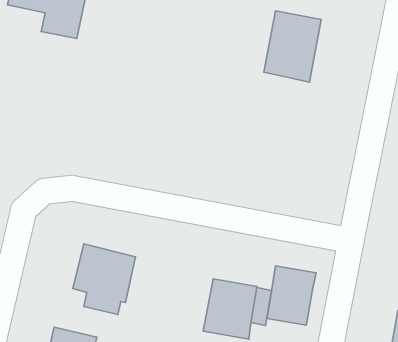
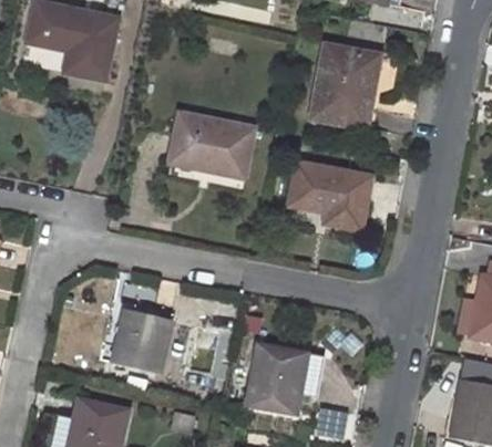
building: none -> [171,113,253,175]
building: none -> [289,163,368,228]
building: [267,266,316,325] -> none

